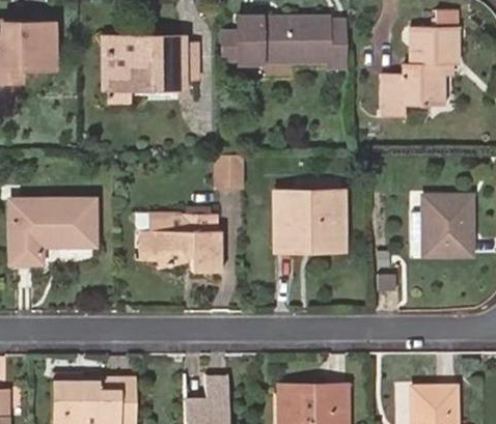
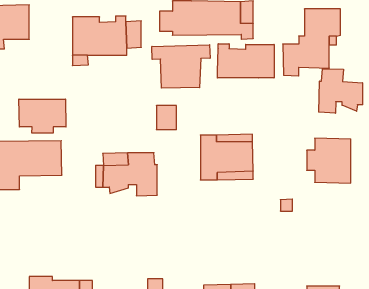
building: none -> [217,44,274,78]
building: none -> [152,45,210,88]
building: none -> [319,69,363,113]
building: none -> [19,99,66,133]

